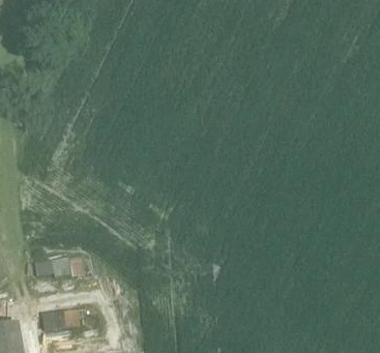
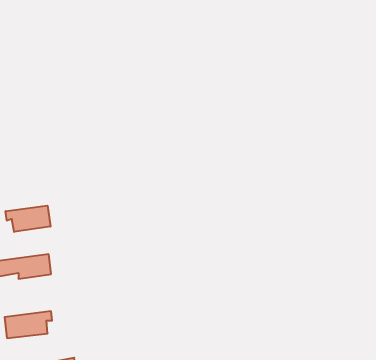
building: none -> [6,206,50,232]

